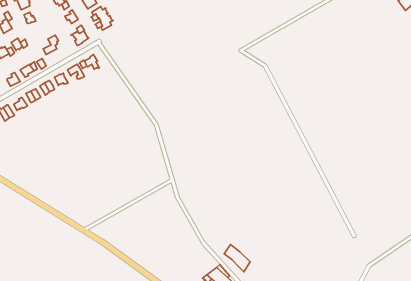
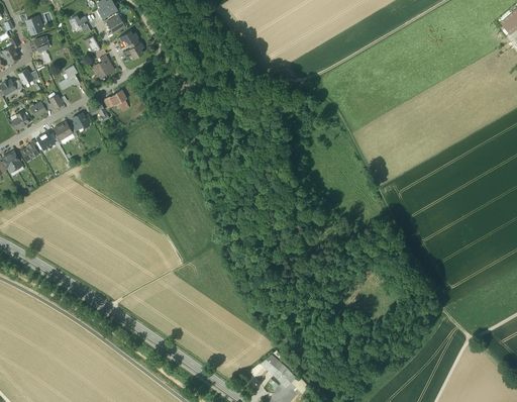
building: [224,245,250,272] -> none

